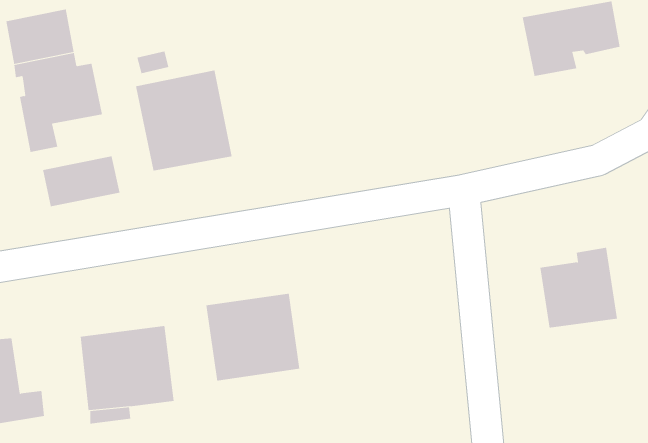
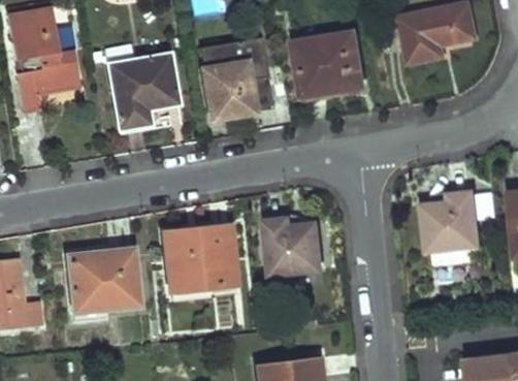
building: none -> [295,31,366,98]
building: none -> [199,38,277,121]
building: [42,155,120,207] -> none
building: none -> [258,218,316,274]

